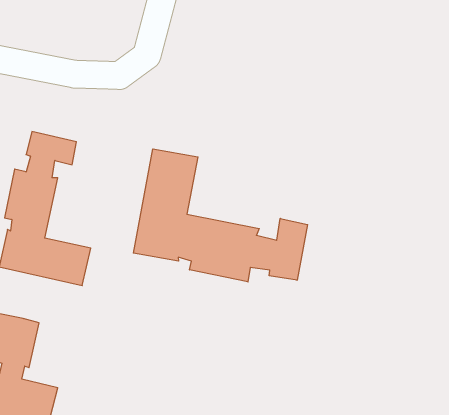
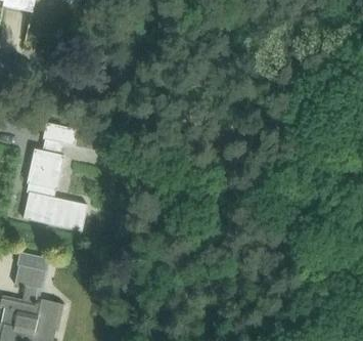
building: [133,149,308,282] -> none

